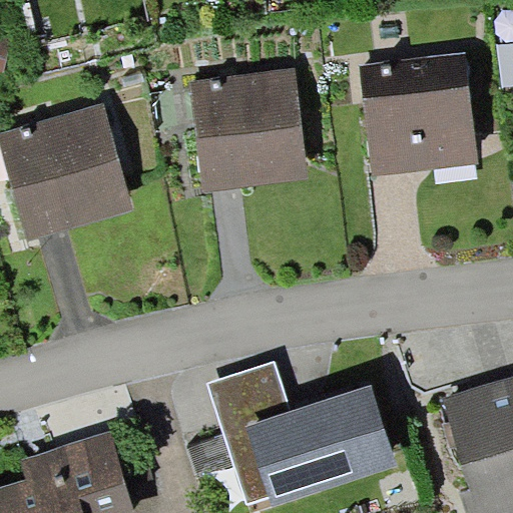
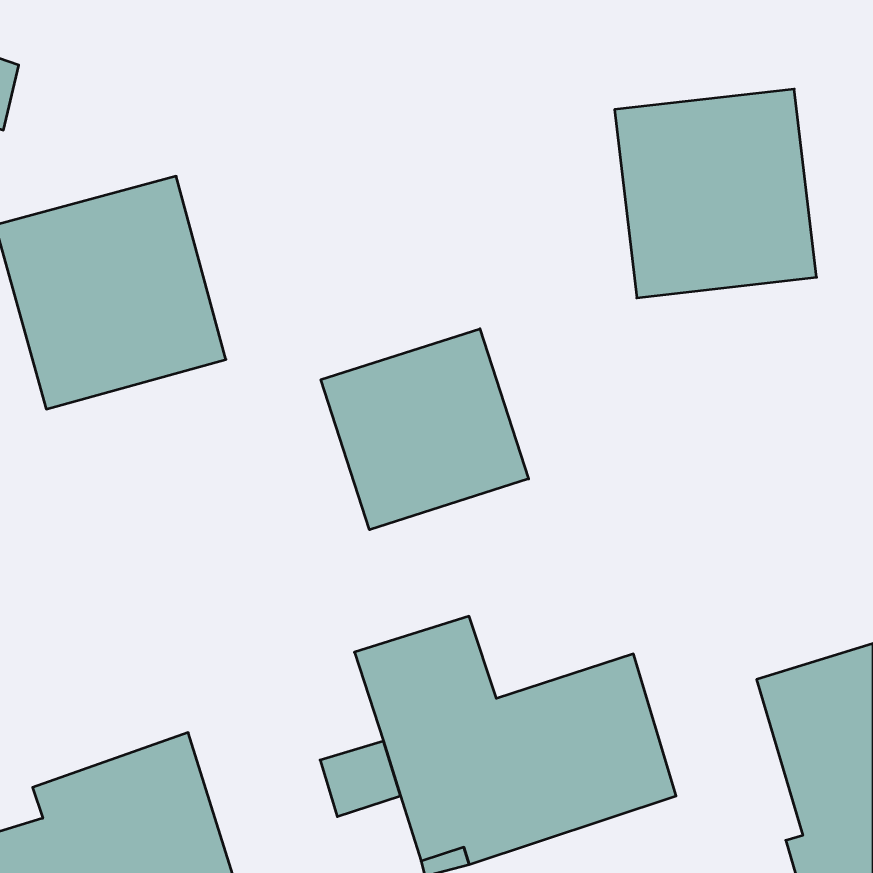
building: [189,68,309,192] -> none
building: none -> [321,329,529,530]

